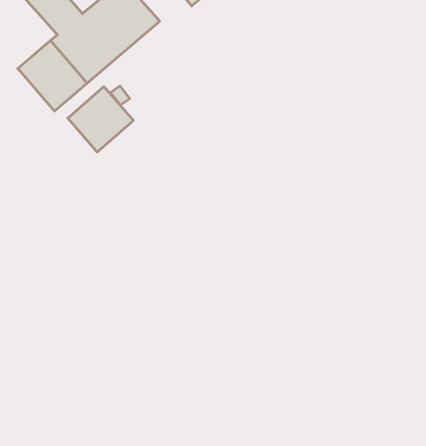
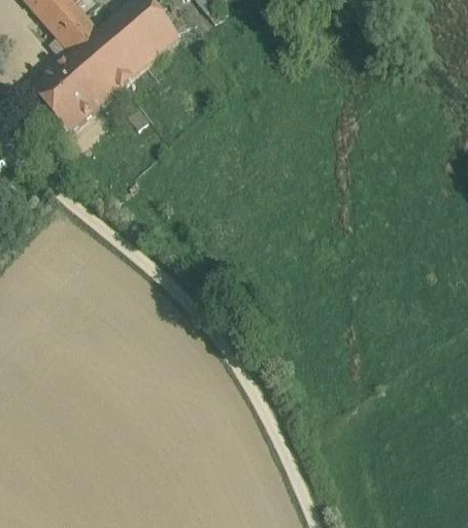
building: [68,87,133,152] -> none

